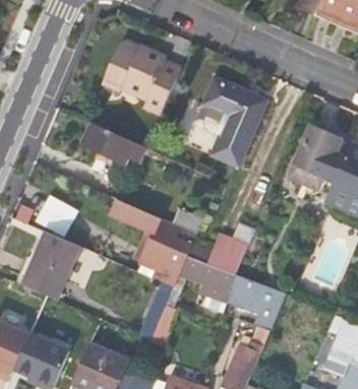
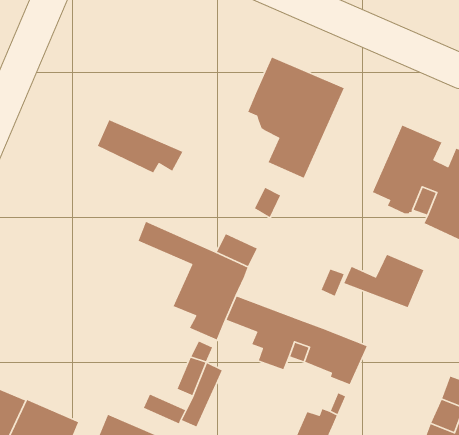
building: [100,40,180,112] -> none
building: [37,193,80,236] -> none
building: [21,231,80,300] -> none
building: [187,233,248,273] -> [343,254,424,308]

